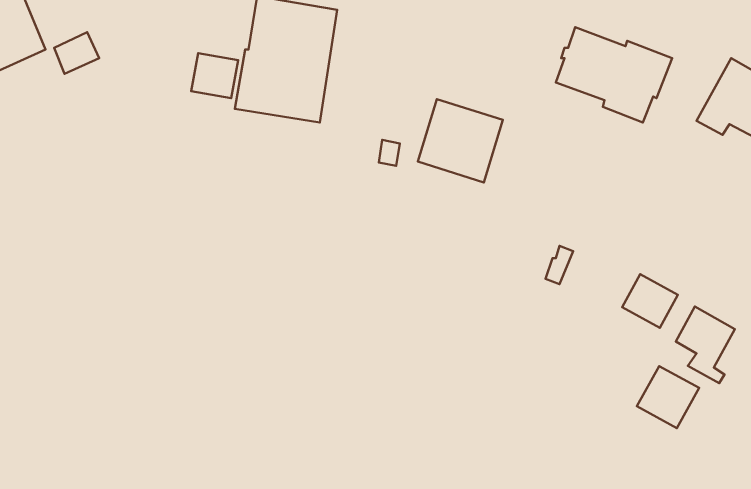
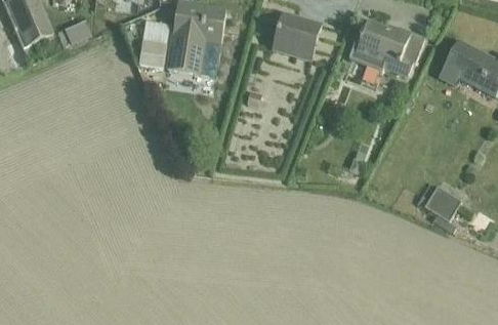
building: [418,99,503,182] -> [269,10,320,59]
building: [622,274,678,328] -> none
building: [637,366,699,428] -> none

